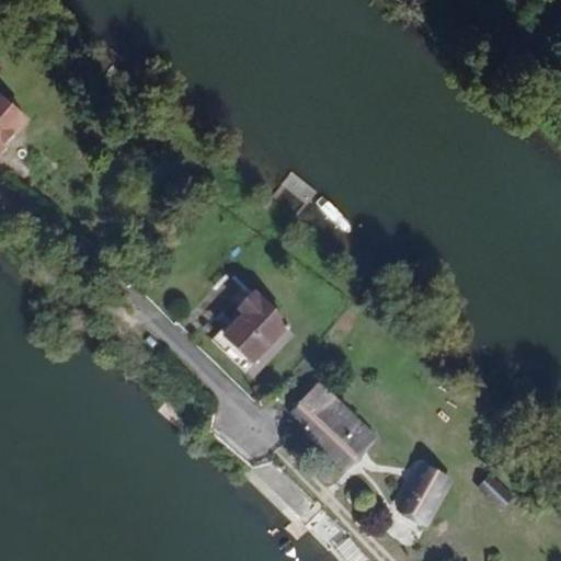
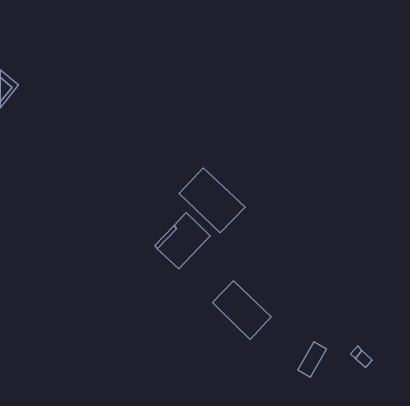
building: none -> [179,168,245,233]

